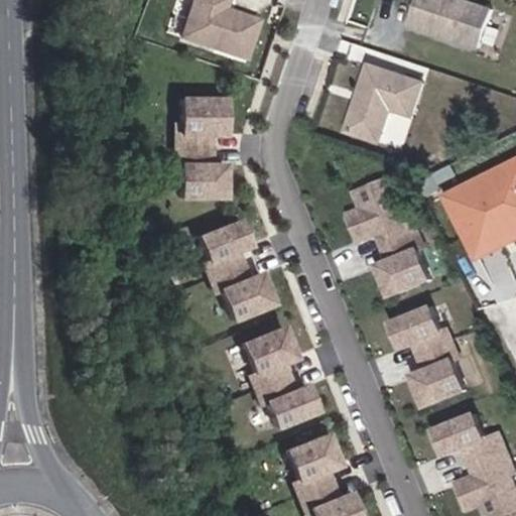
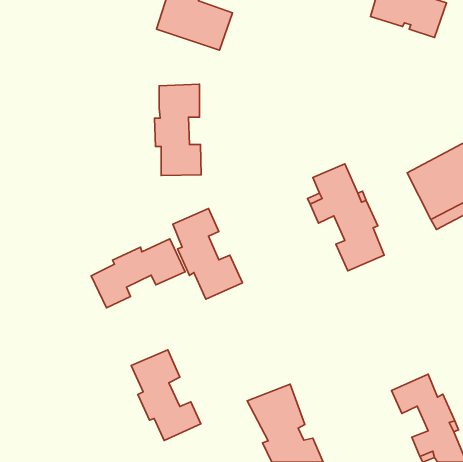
building: [345,54,428,139] -> none
building: none -> [91,239,185,308]
building: [391,308,467,409] -> none
building: [241,334,317,433] -> [131,350,201,440]

